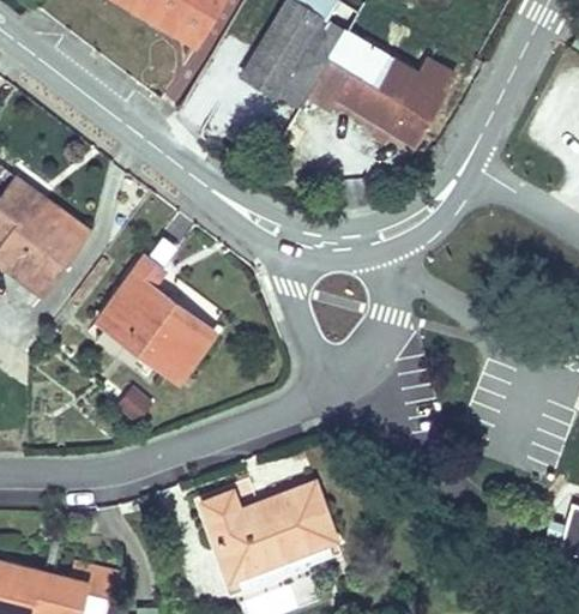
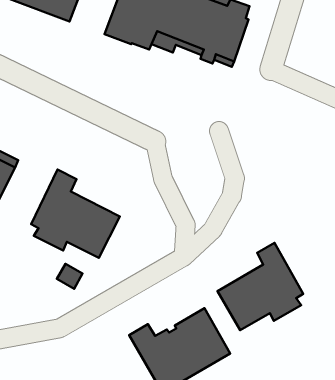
building: none -> [218,243,303,330]

